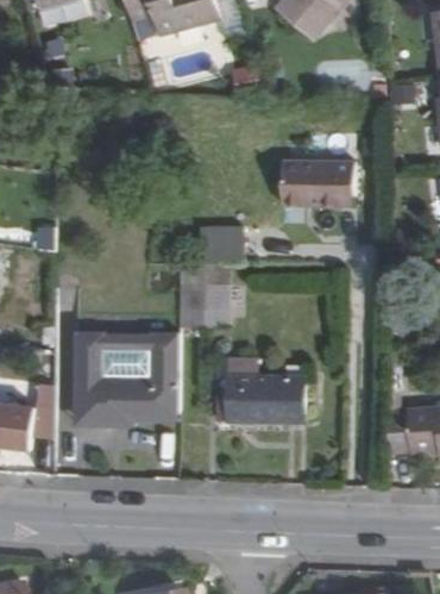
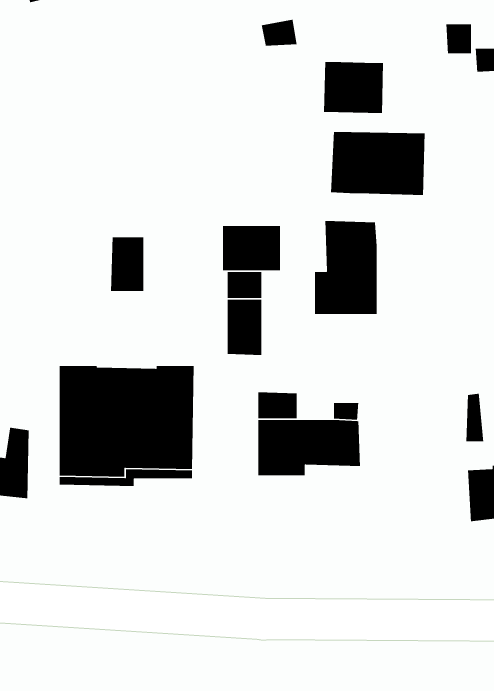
building: none -> [323,61,384,114]
building: none -> [314,220,378,315]
building: [182,286,208,329] -> [110,236,144,292]

